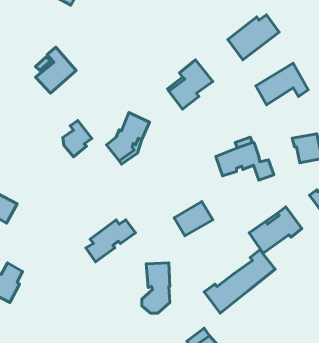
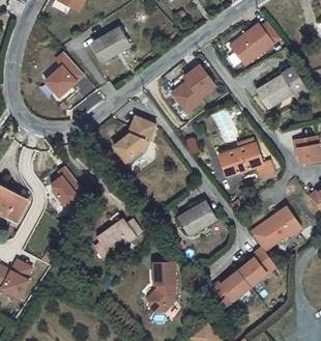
building: none -> [92,27,129,60]
building: [63,120,92,157] -> [55,171,83,206]

